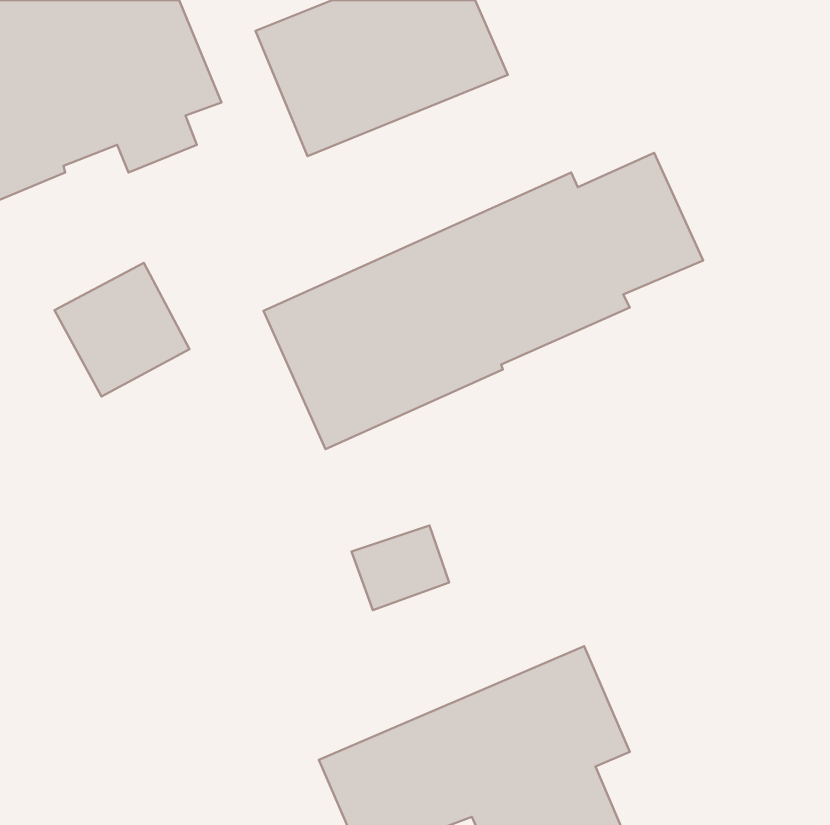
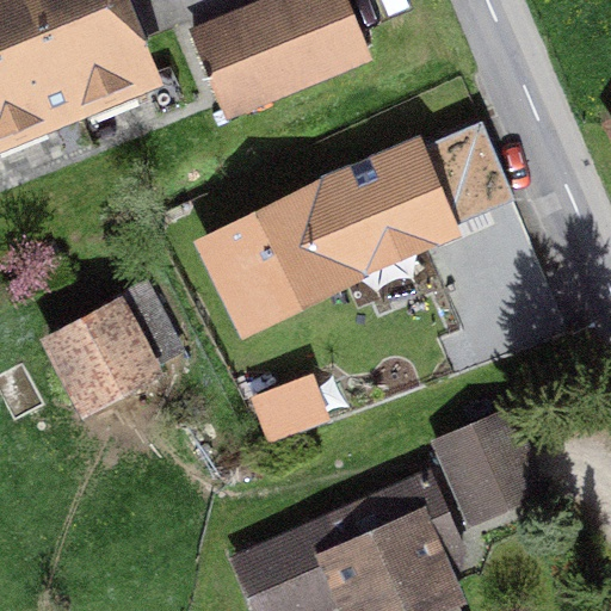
building: [54,263,189,396] -> [49,306,148,403]
building: none -> [443,422,538,518]

